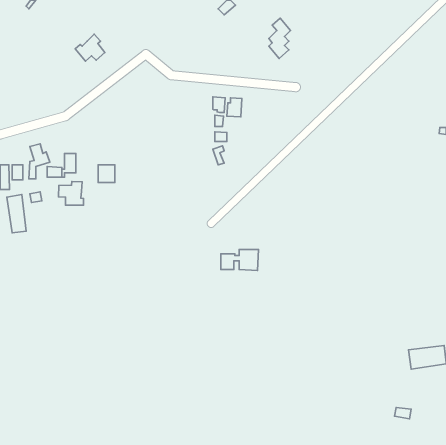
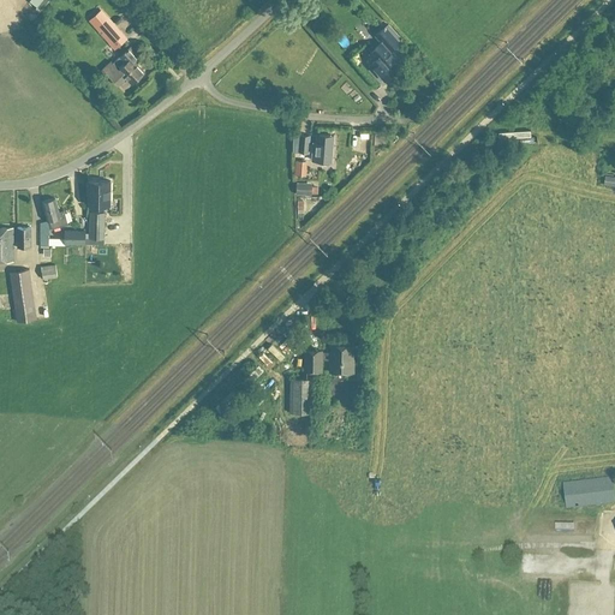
building: none -> [89,10,127,50]
building: [98,165,115,182] -> [88,181,111,205]
building: [58,182,84,205] -> none
building: none -> [289,378,315,413]

